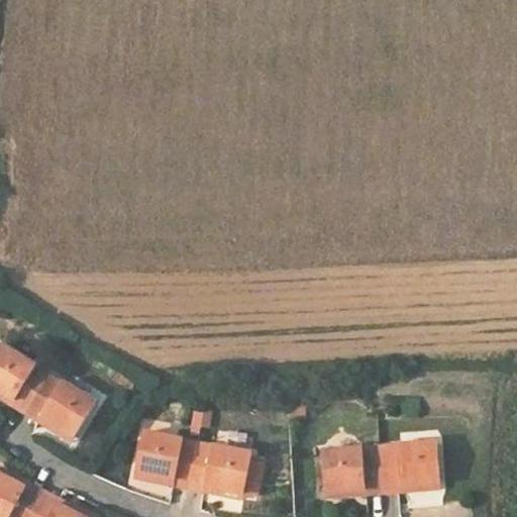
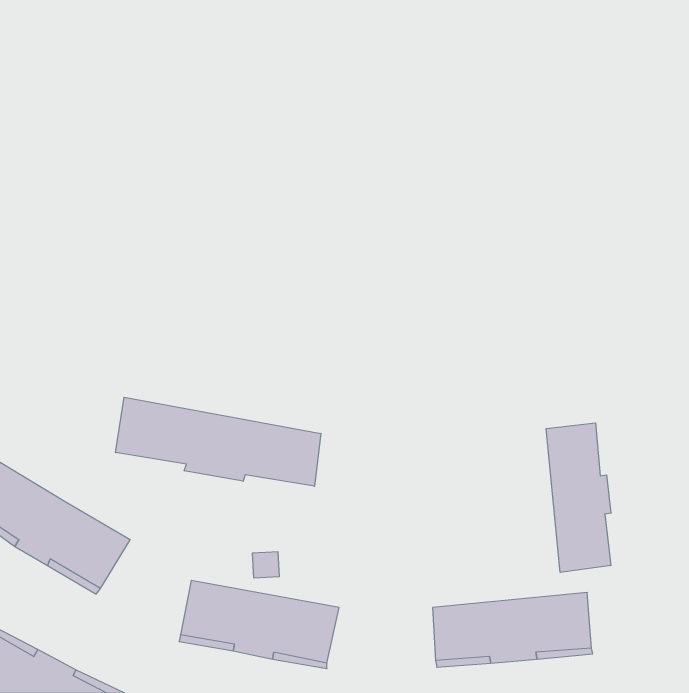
building: none -> [116,397,321,486]
building: none -> [546,423,611,572]

